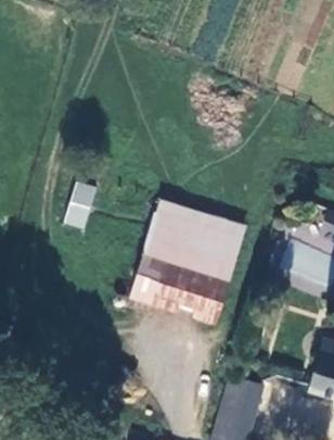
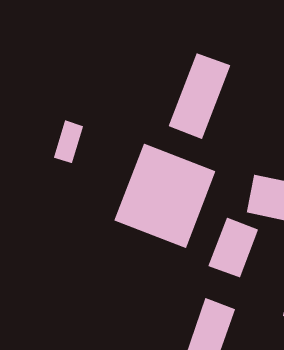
building: none -> [168,52,232,140]
building: none -> [207,217,259,279]

